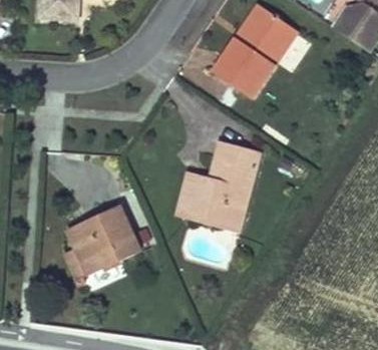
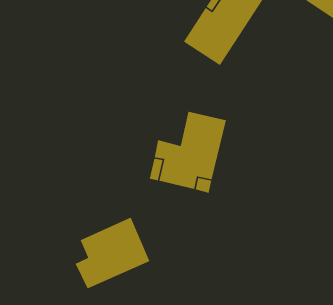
building: [60,205,138,280] -> [75,217,151,290]

